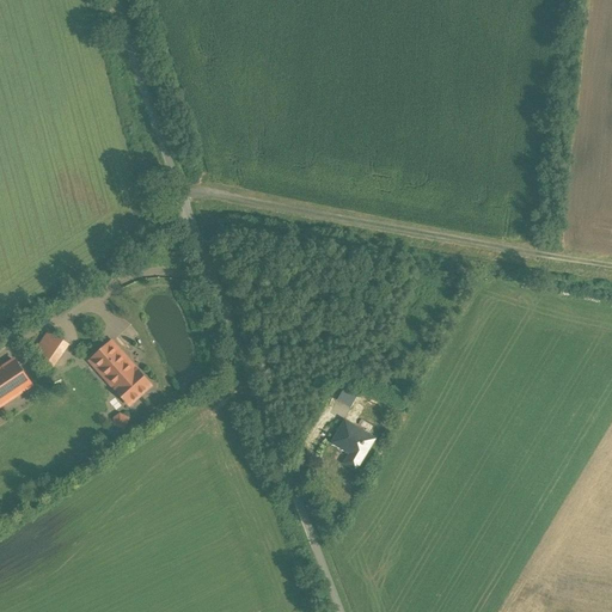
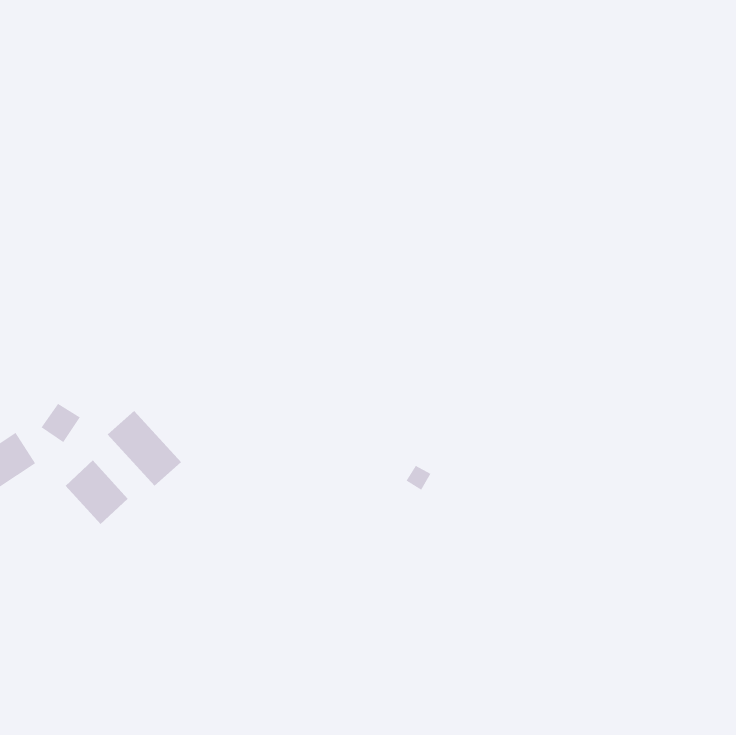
building: none -> [65,460,129,525]
building: [331,420,372,467] -> none

